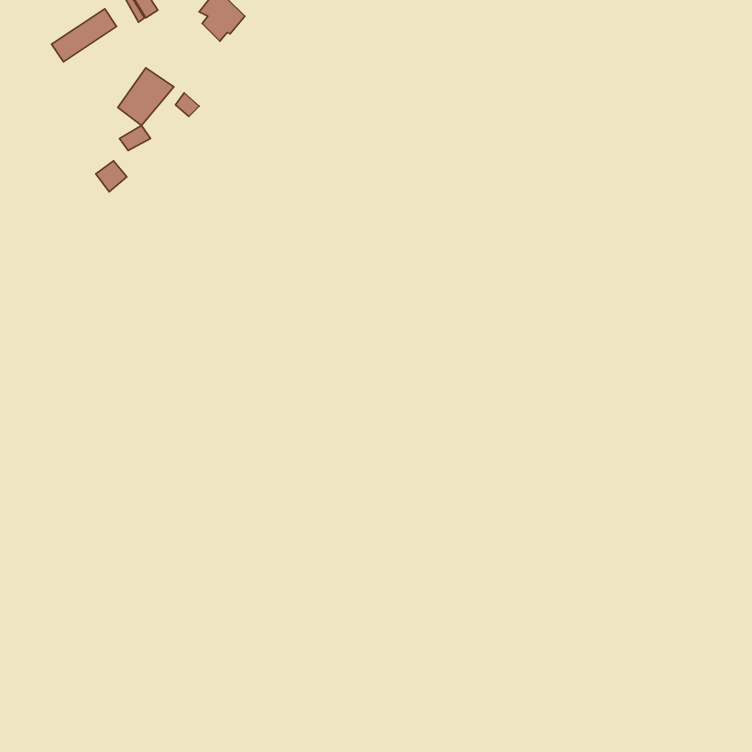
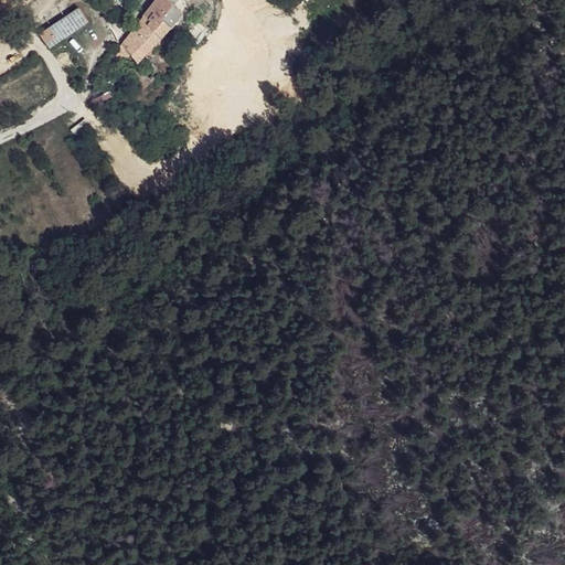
building: [118,68,174,125] -> [121,18,163,61]

